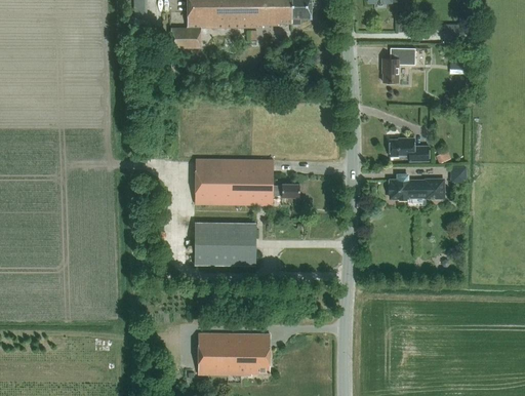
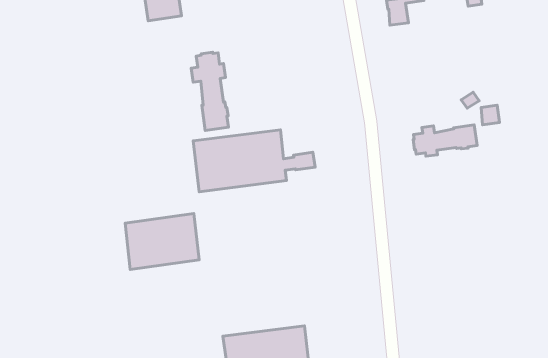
building: none -> [191,52,228,131]
building: [390,137,430,160] -> none
building: [194,223,256,264] -> [125,214,199,269]

